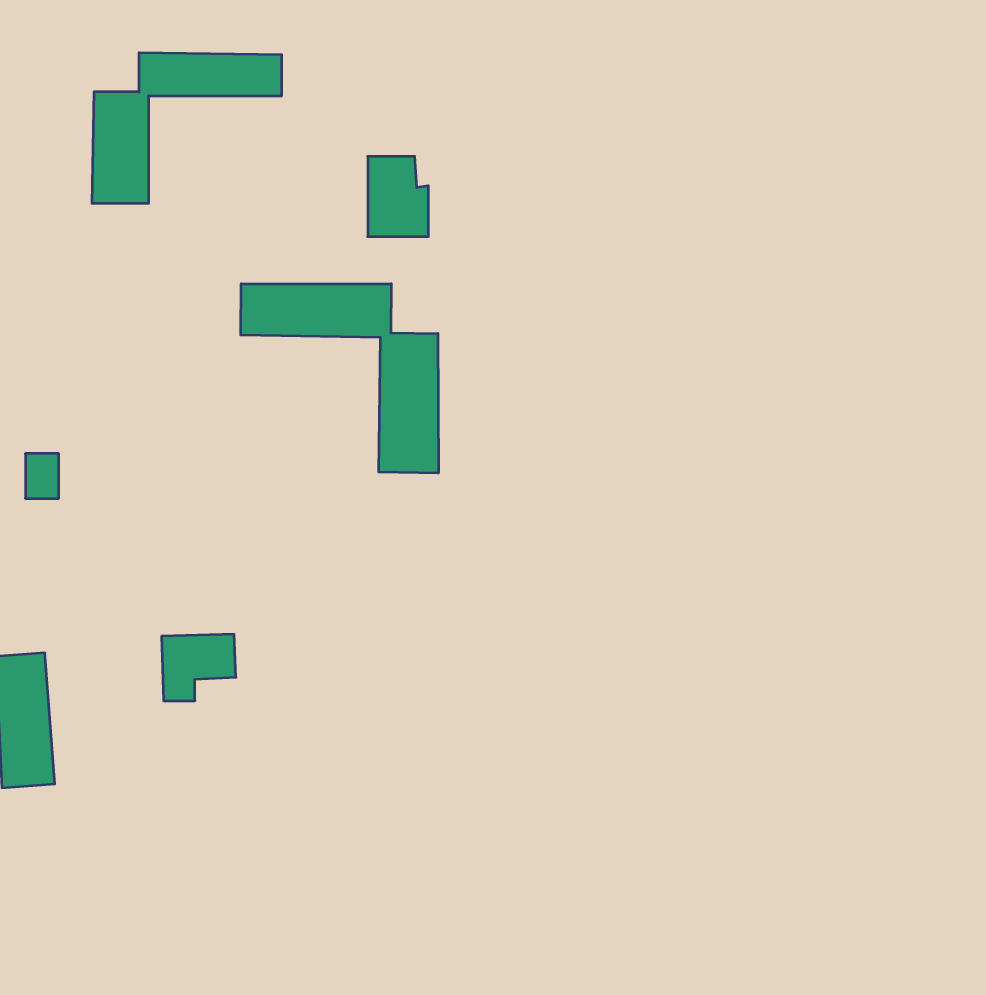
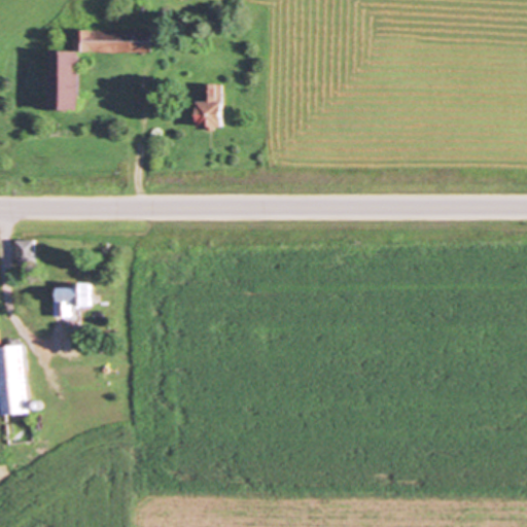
building: [241,284,438,473] -> none
building: [162,634,236,701] -> [50,284,90,319]

